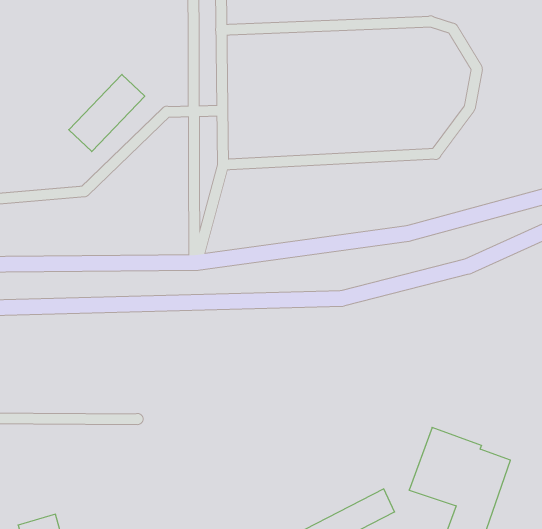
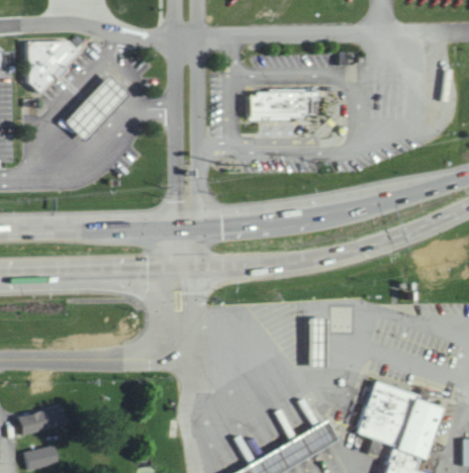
building: none -> [22,37,75,88]
building: none -> [240,89,303,112]
building: none -> [21,413,67,438]

